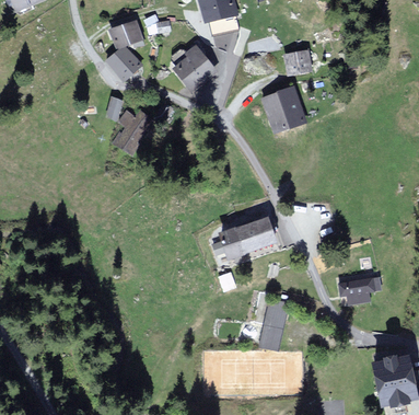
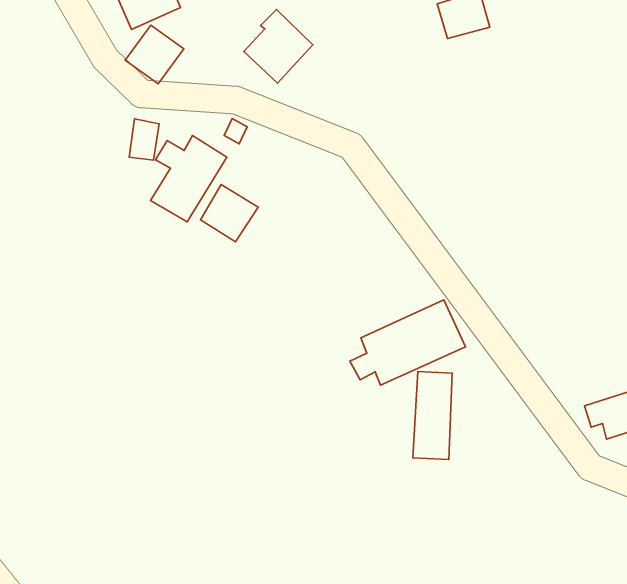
building: [263,89,304,131] -> none
building: none -> [201,185,258,242]
building: [259,301,287,351] -> [413,372,452,459]

